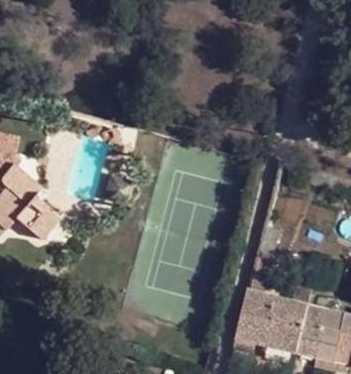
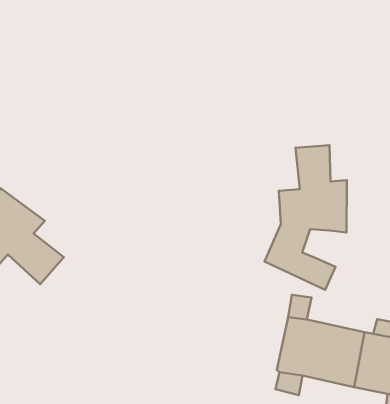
building: none -> [265,145,347,290]

